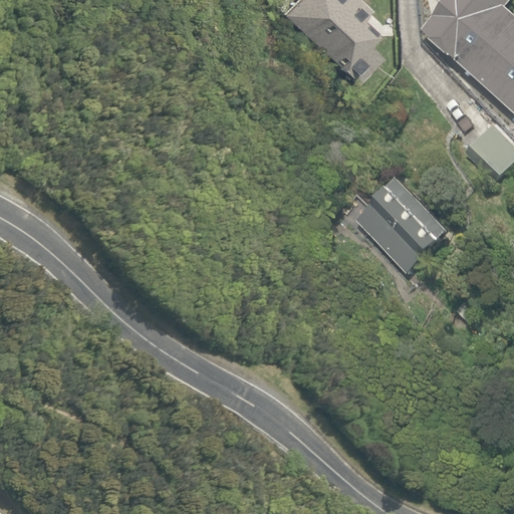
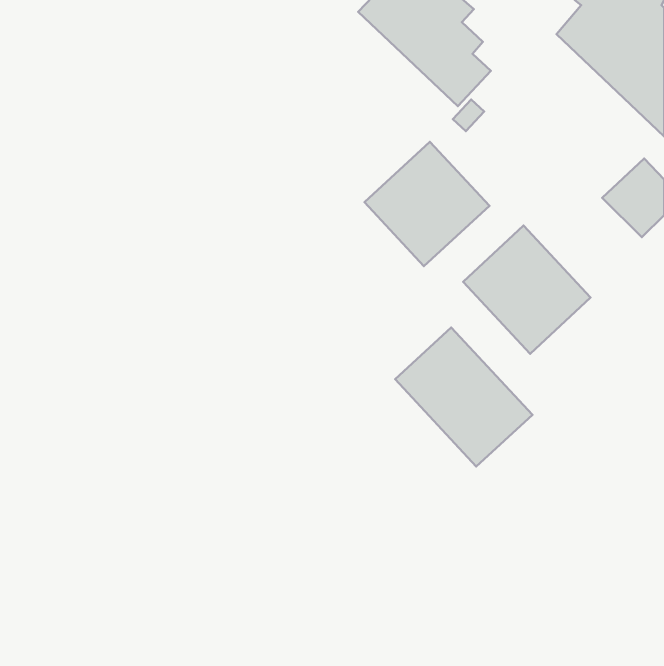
building: none -> [364,142,489,266]
building: none -> [395,327,532,466]

